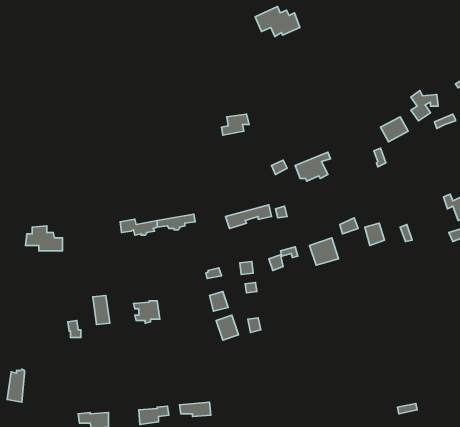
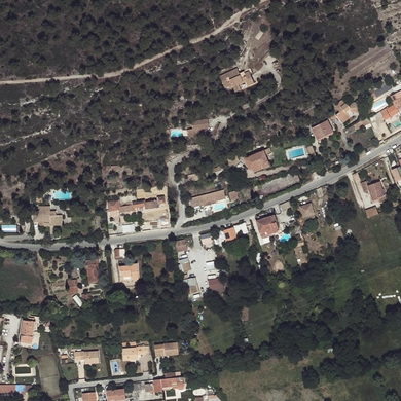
building: [255,6,300,37] -> [220,68,255,92]

